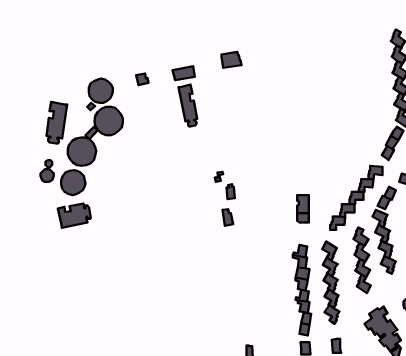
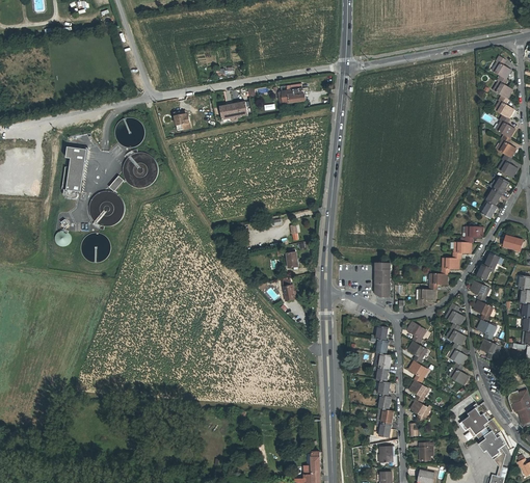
building: [179,85,197,126] -> none
building: [58,203,91,228] -> none

